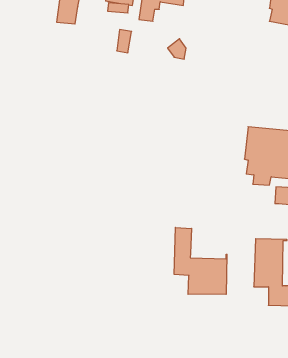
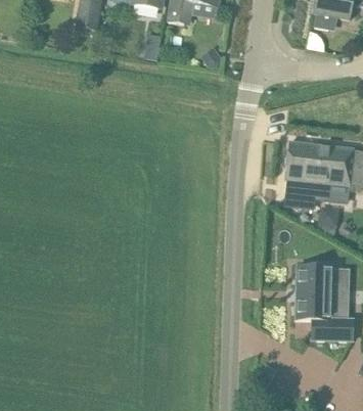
building: [174,227,227,294] -> none

